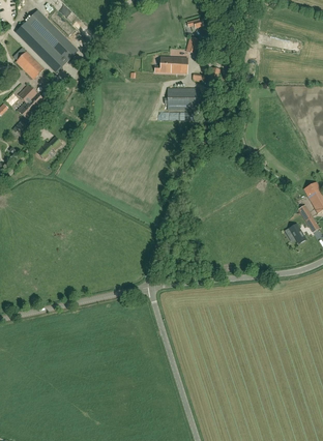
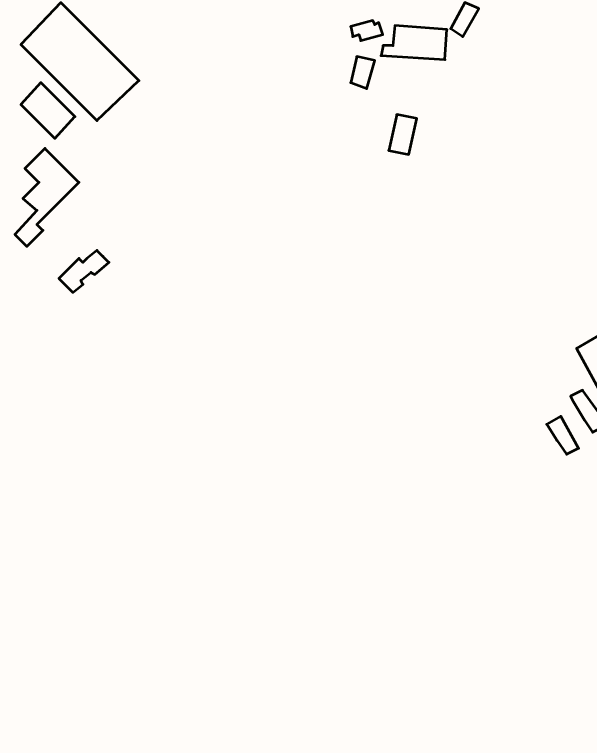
building: [153,56,187,74] -> [381,26,447,60]
building: [164,88,198,110] -> none

